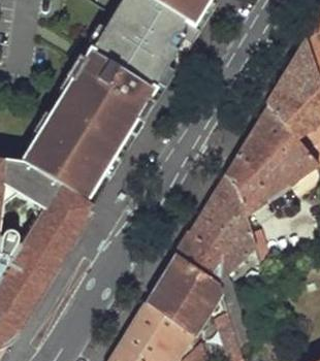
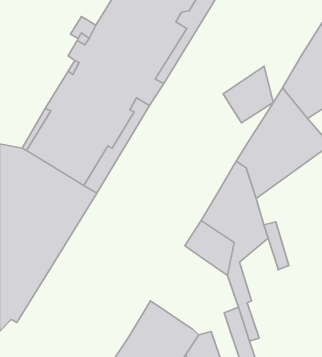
building: none -> [223,66,273,123]
building: [142,256,215,334] -> none

